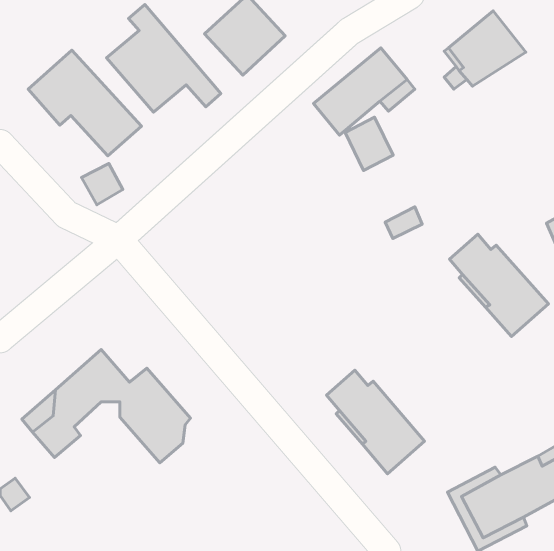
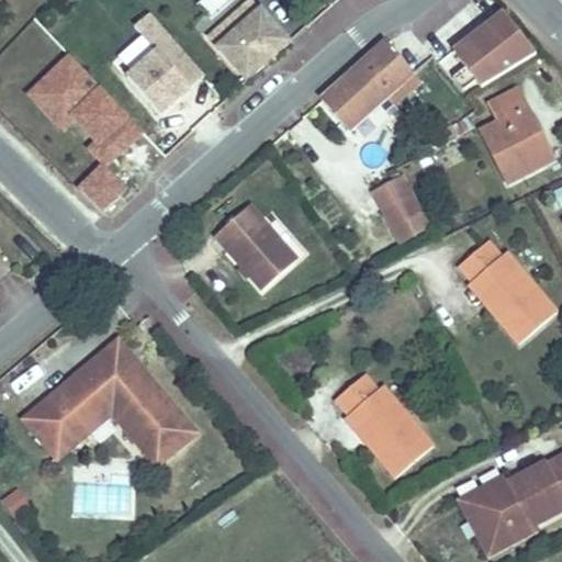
building: none -> [481,78,550,175]
building: [345,117,393,170] -> [372,170,420,224]
building: none -> [205,203,289,289]
building: none -> [104,338,150,385]

